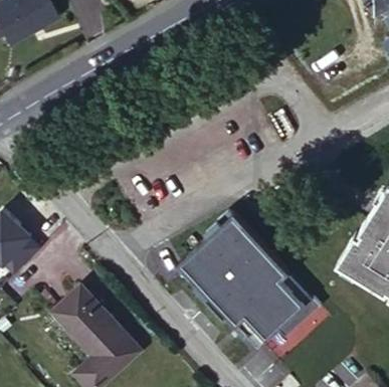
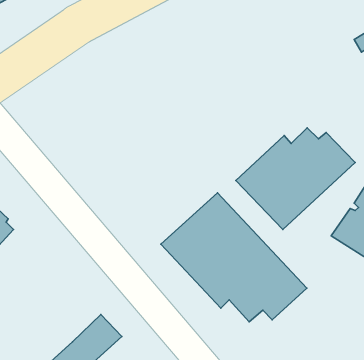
building: none -> [236,128,355,230]
building: [51,287,123,358] -> none

